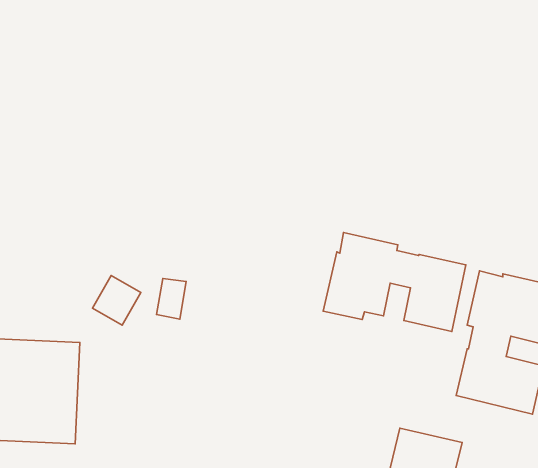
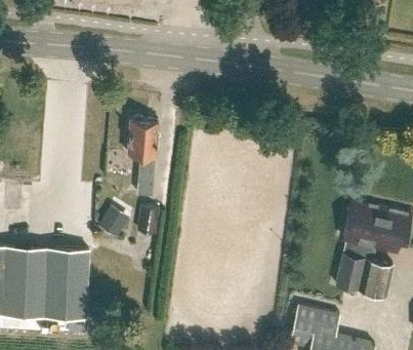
building: none -> [128,118,159,196]
building: [323,233,466,331] -> none

